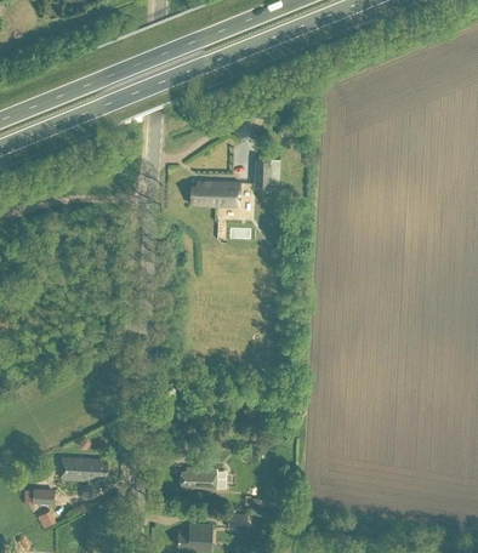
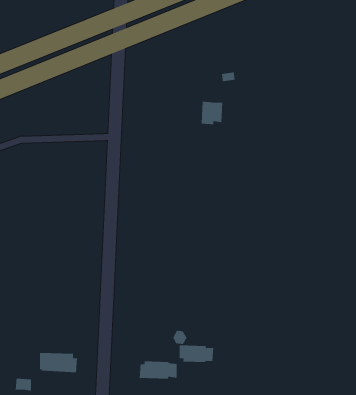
building: [190,179,249,206] -> none
building: none -> [179,345,214,363]

